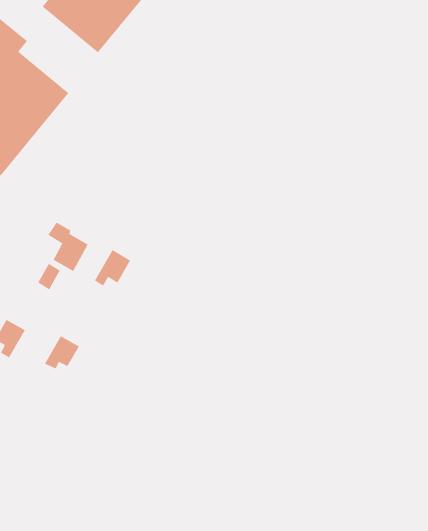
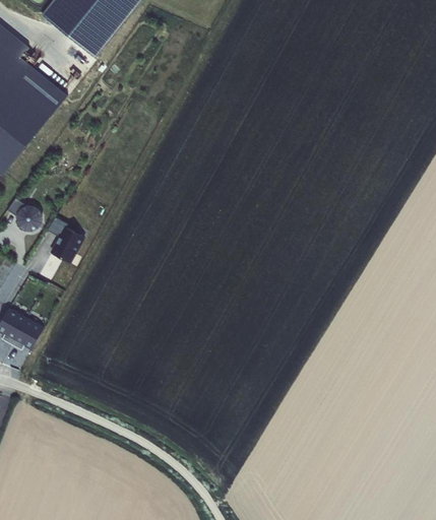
building: none -> [6,197,40,229]
building: [94,249,131,286] -> none
building: [44,336,80,369] -> [10,317,44,348]

